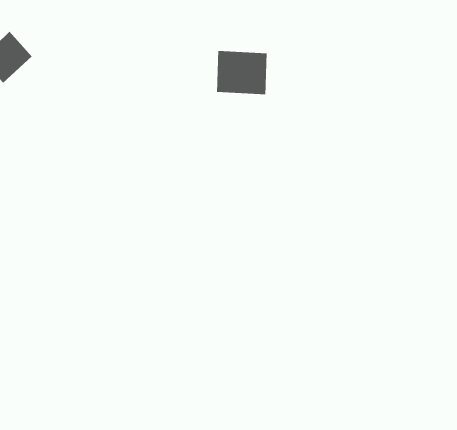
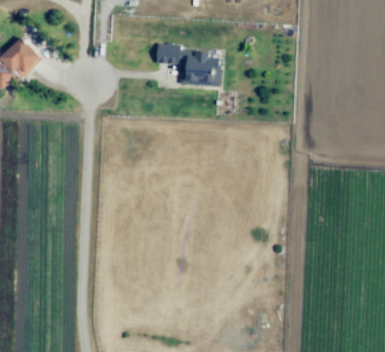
building: none -> [155,44,178,62]

